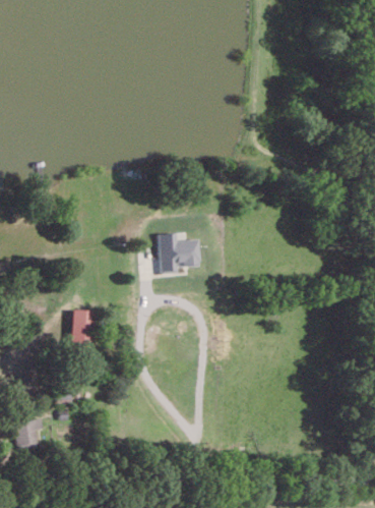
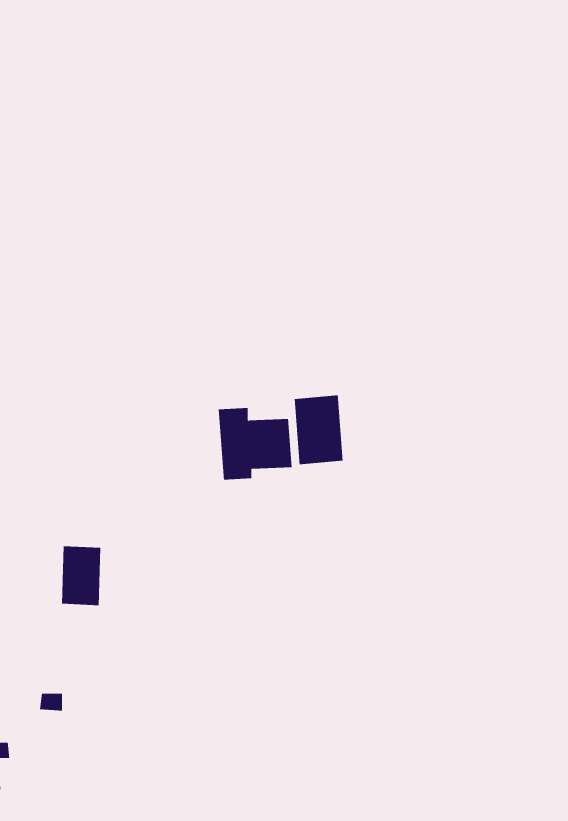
building: none -> [294,395,343,465]

